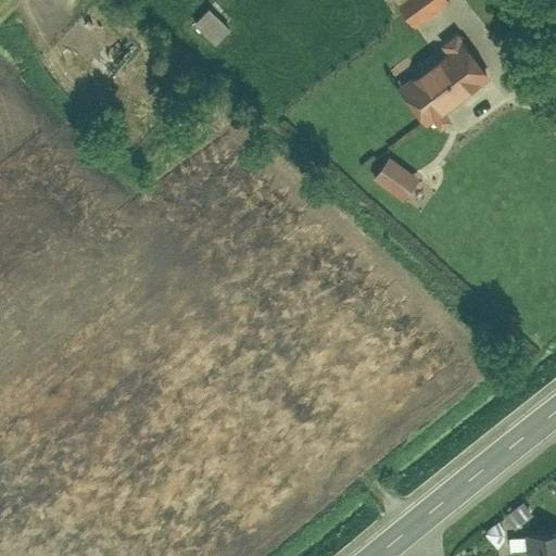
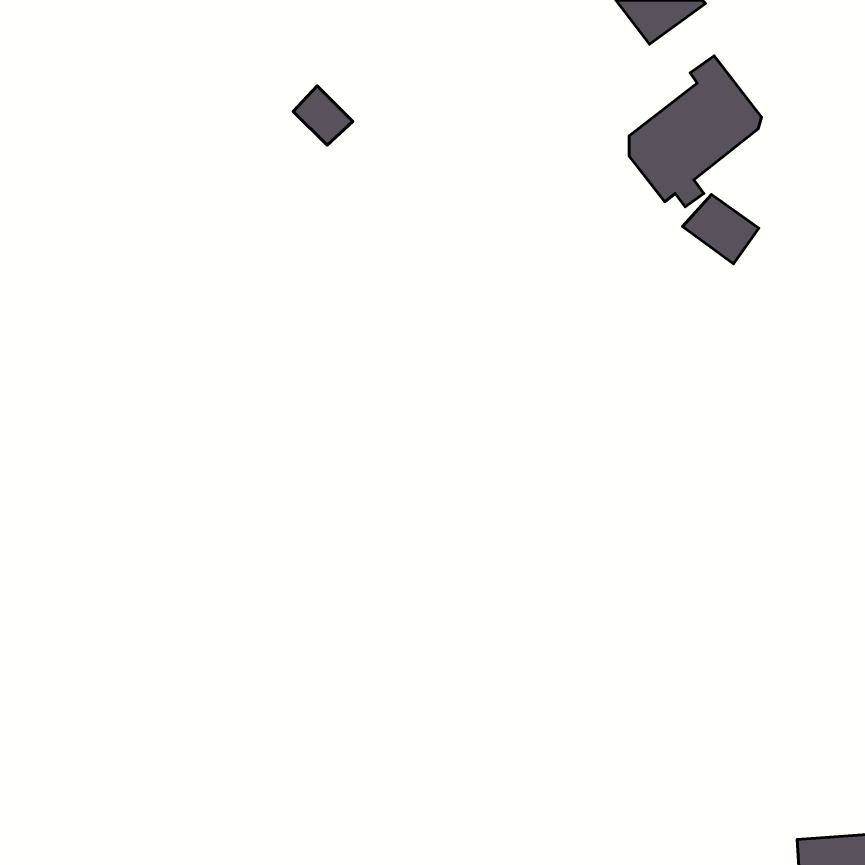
building: [189,5,227,43] -> [293,86,353,145]
building: [370,156,419,201] -> [683,194,759,264]

